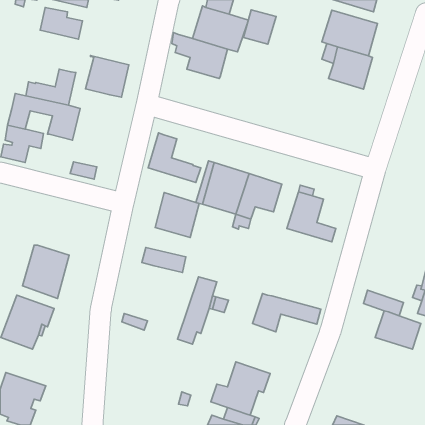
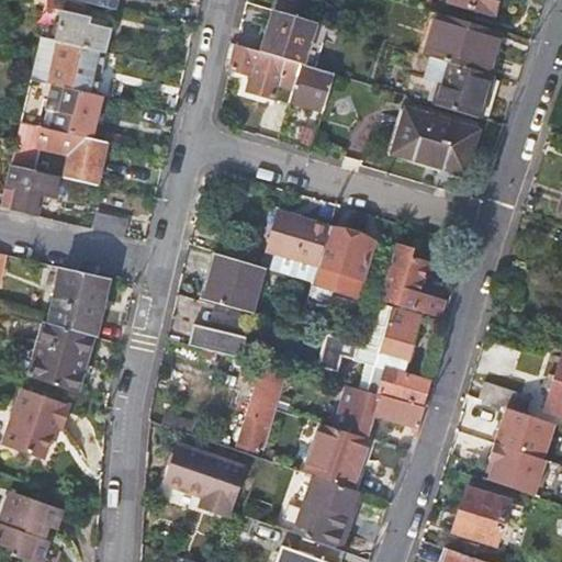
building: [244,10,276,44] -> [291,65,334,110]
building: [86,56,129,97] -> [47,40,104,94]
building: none -> [401,111,476,172]
building: [148,133,201,183] -> none
building: none -> [50,267,109,336]
building: none -> [318,306,427,406]
building: none -> [303,426,368,490]
building: none -> [165,442,245,516]
building: none -> [488,445,547,496]
building: none -> [453,488,509,546]

